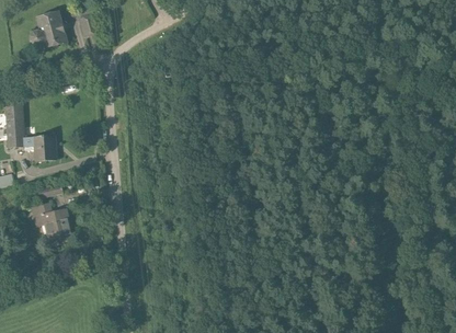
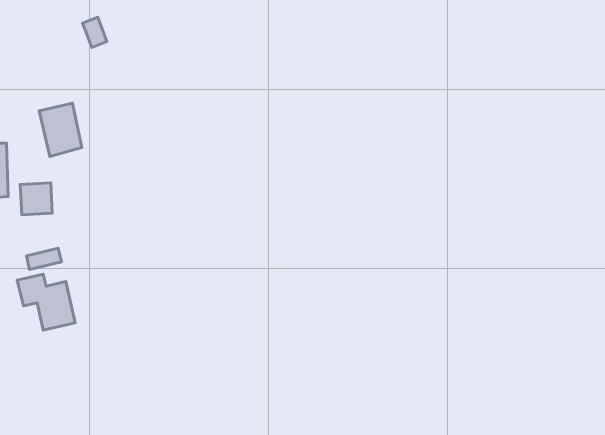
building: [35,11,66,49] -> [39,103,82,157]

